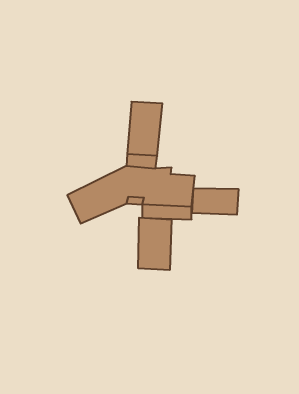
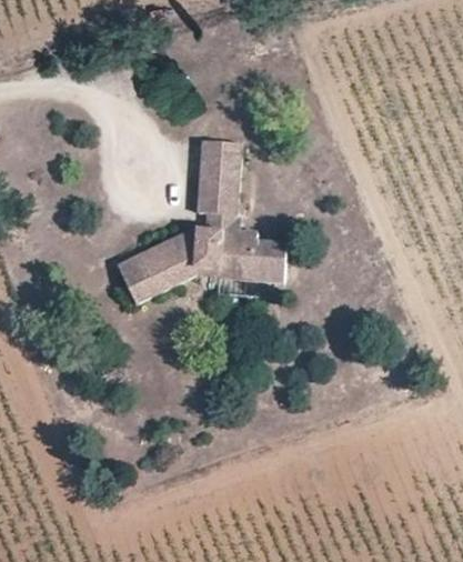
building: [192,188,238,215] -> none
building: [138,218,171,270] -> none

